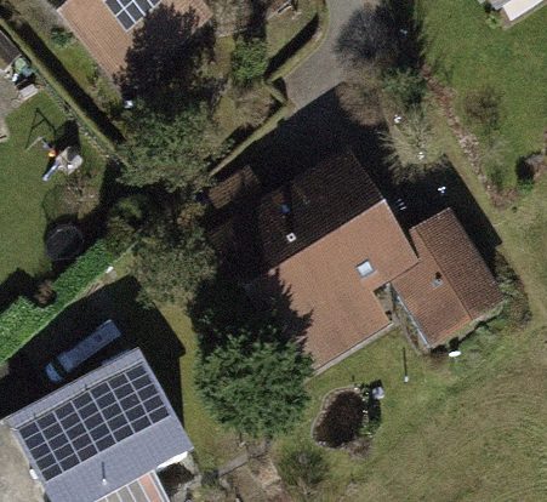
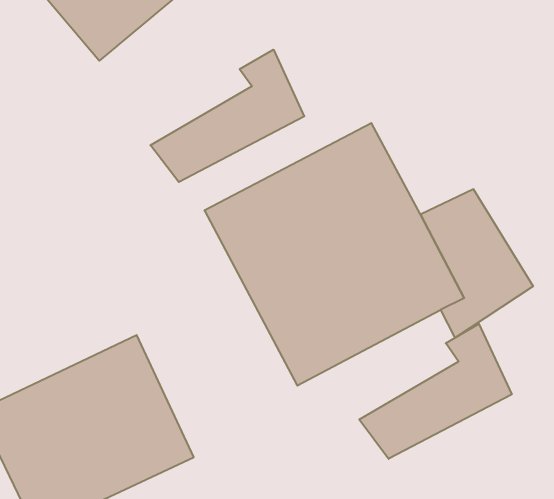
building: none -> [150,50,304,182]
building: none -> [359,324,512,459]

